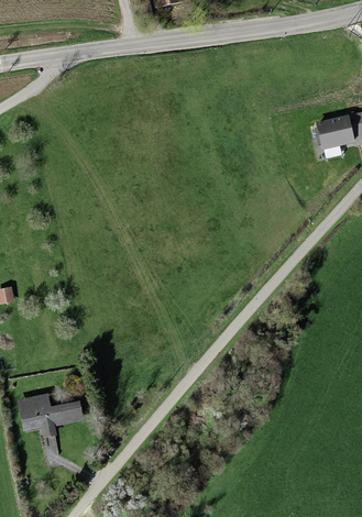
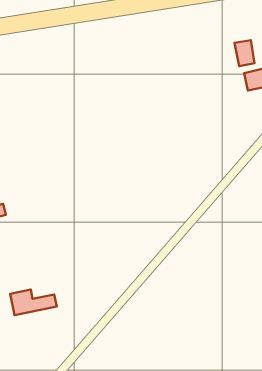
building: none -> [235,40,255,66]

